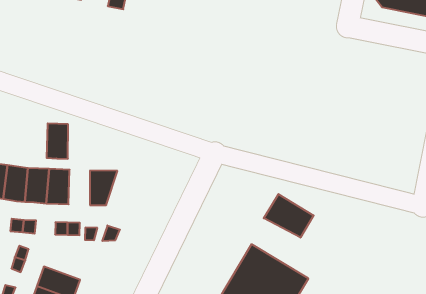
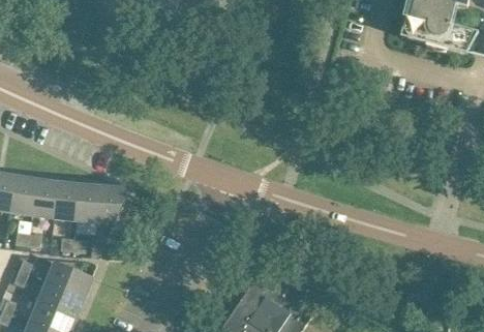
building: [47,123,68,159] -> [75,183,99,220]
building: [264,194,314,238] -> none
building: none -> [47,260,91,296]

